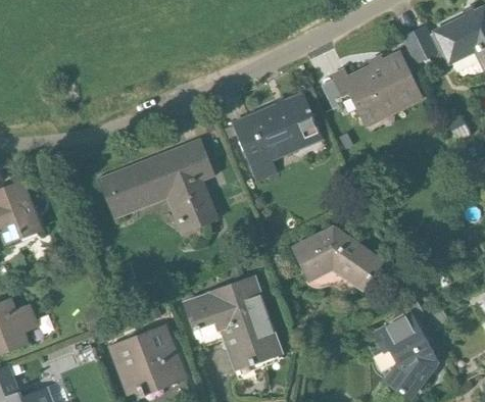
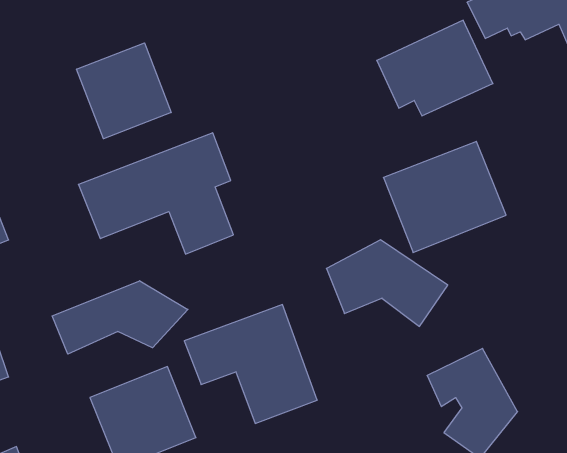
building: none -> [77,43,171,139]
building: [230,93,327,181] -> [383,141,506,253]
building: none -> [52,281,188,354]

